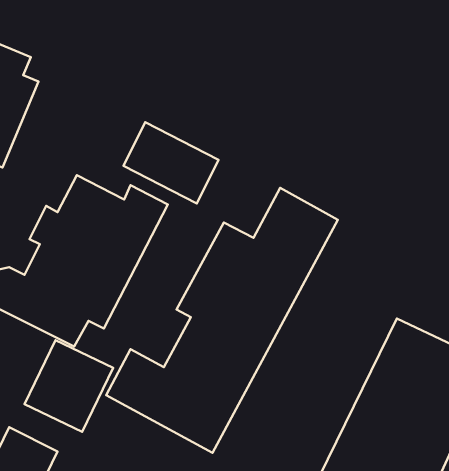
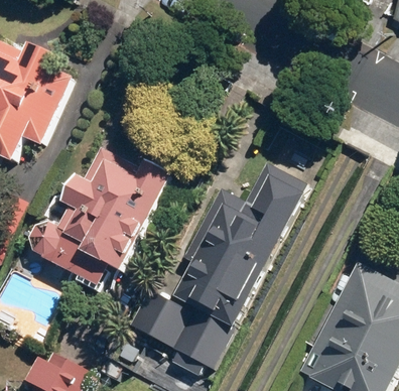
building: [123,122,219,204] -> none
building: [24,340,113,432] -> none

